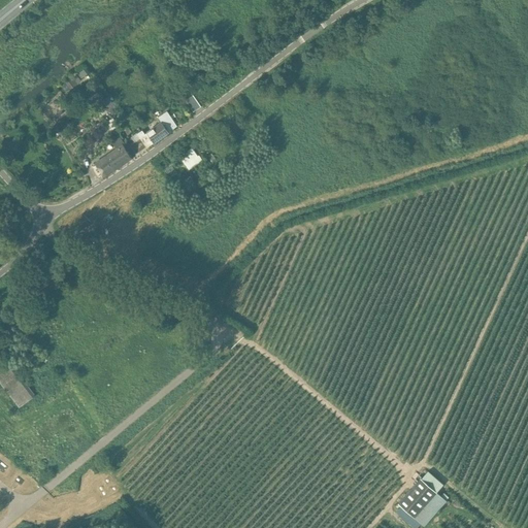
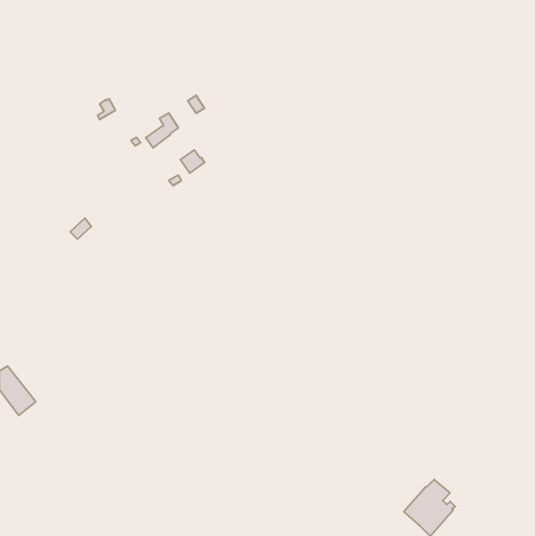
building: [95,146,130,177] -> none

